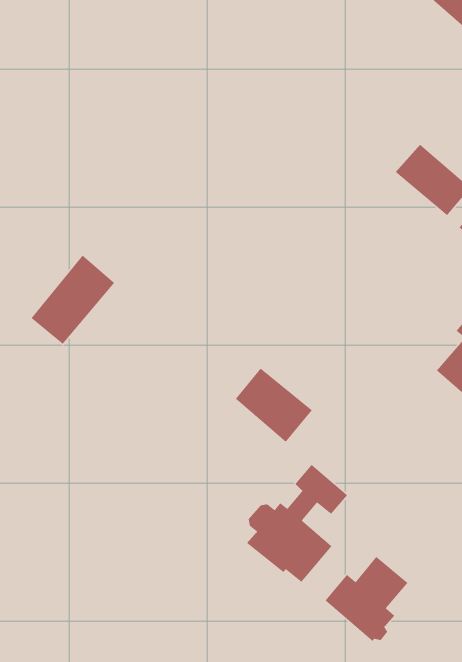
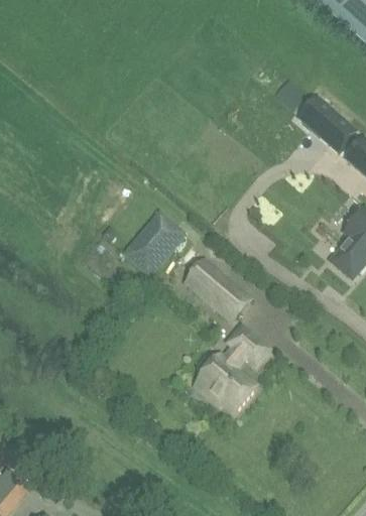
building: [30,254,115,345] -> [120,213,180,277]
building: [324,556,408,642] -> none

